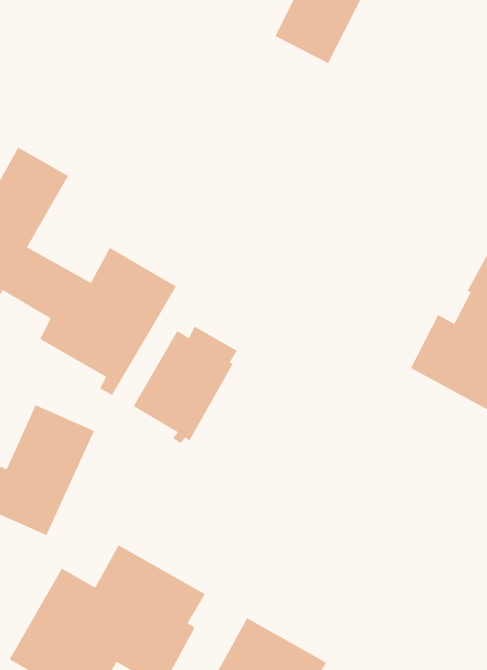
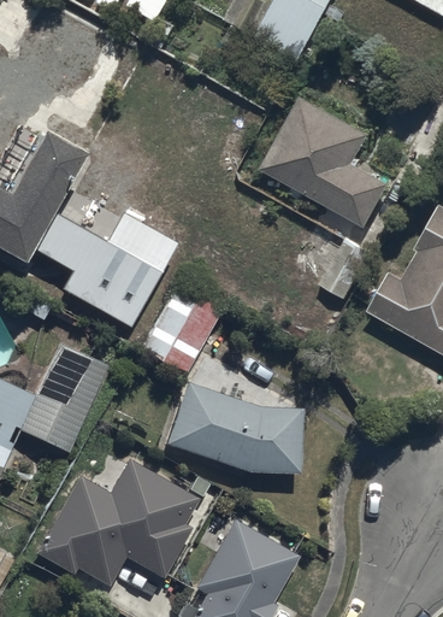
building: none -> [261,95,390,227]
building: none -> [166,383,301,484]

